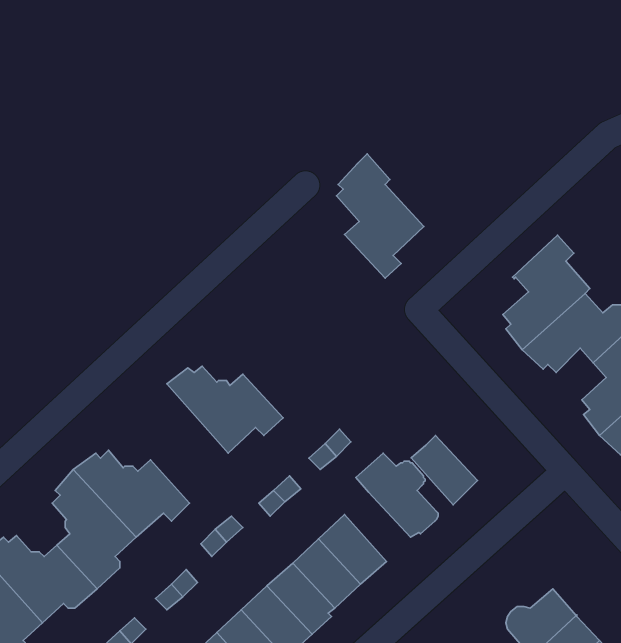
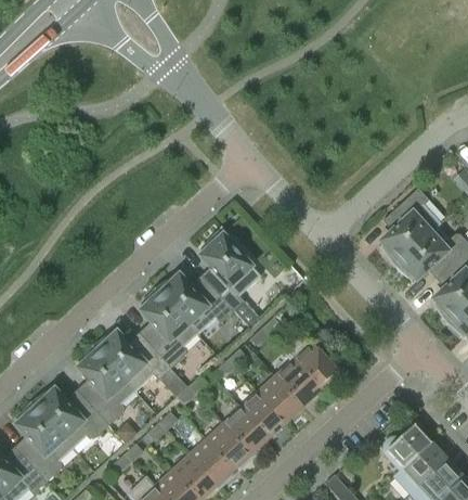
building: [337,154,424,278] -> [200,227,259,310]
building: none -> [140,287,196,368]
building: [411,435,477,505] -> [274,360,318,407]

